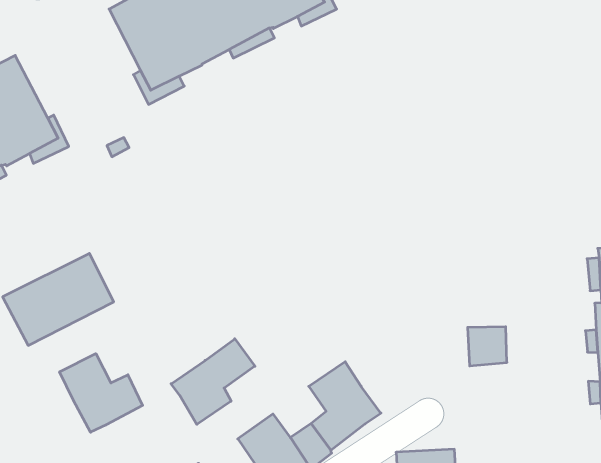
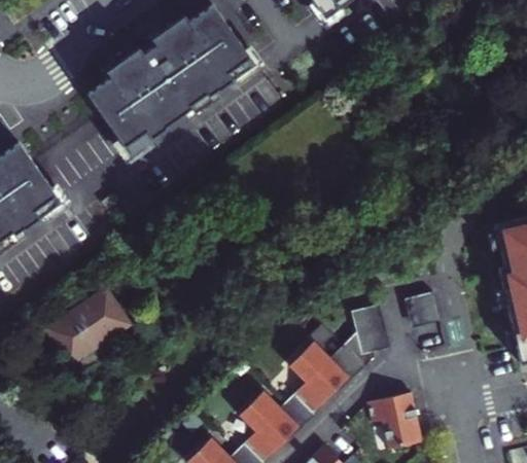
building: none -> [329,307,388,390]
building: [171,339,255,424] -> none
building: [60,354,143,432] -> none

